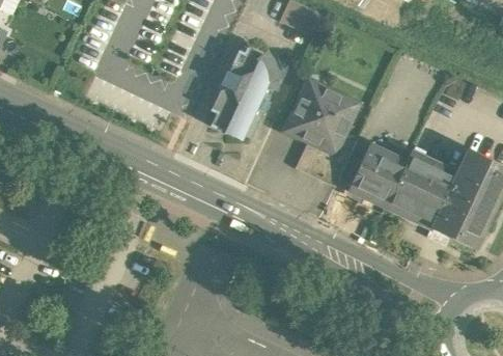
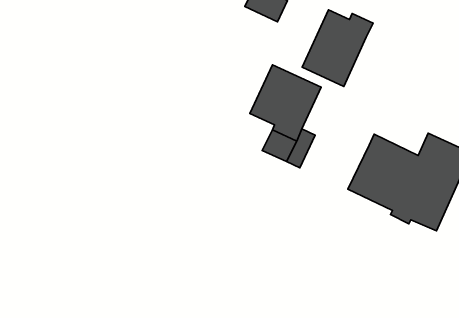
building: none -> [302,10,373,86]
building: [209,45,278,138] -> none
building: [347,142,407,204] -> none

